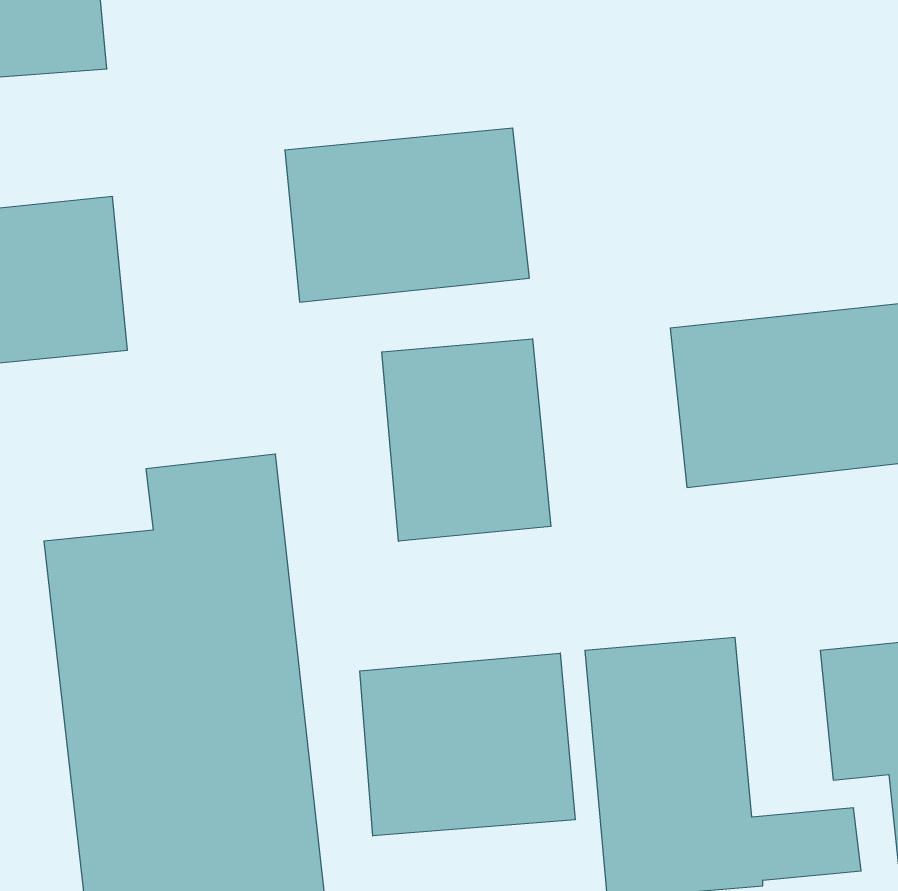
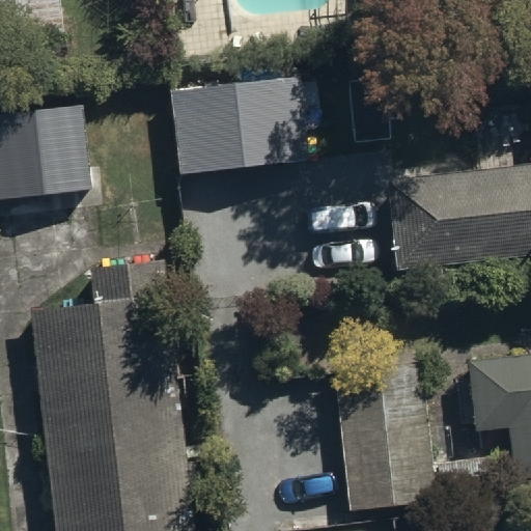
building: [382,339,551,541] -> none
building: [360,653,575,836] -> none

